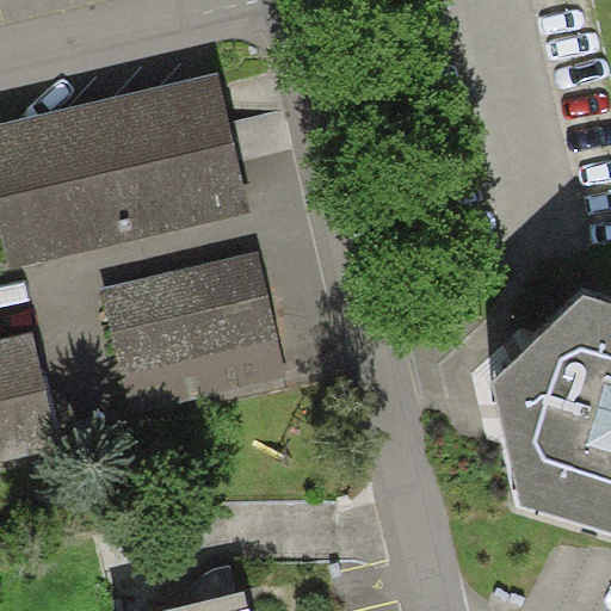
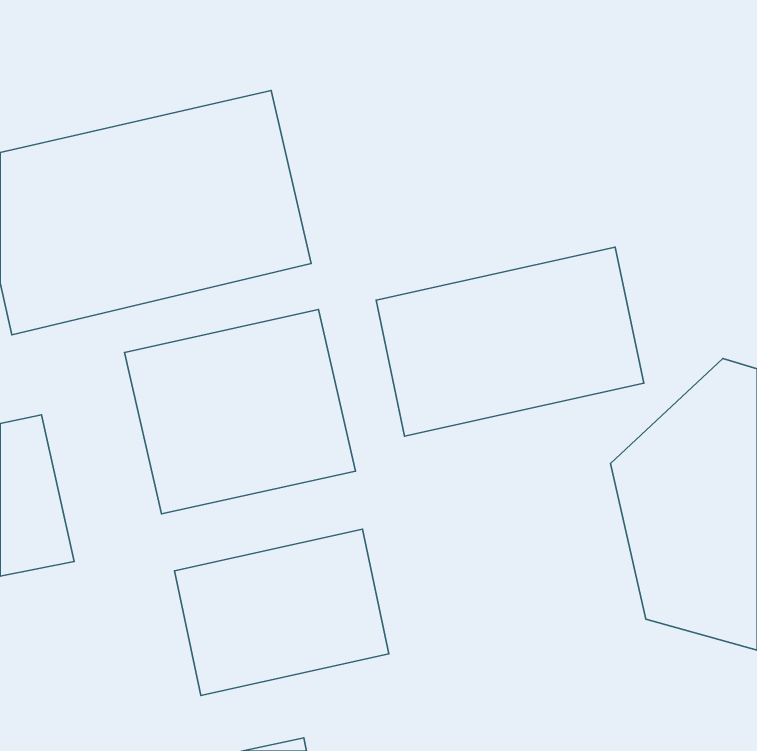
building: none -> [376,247,644,436]
building: none -> [174,529,389,695]

